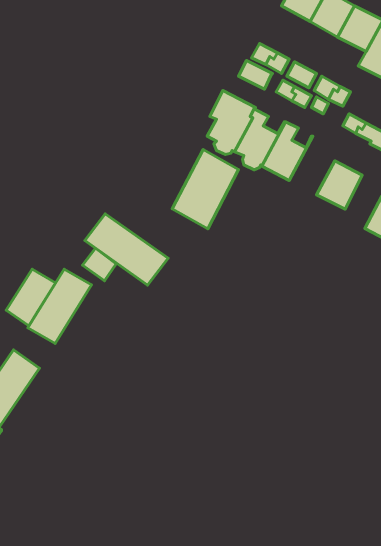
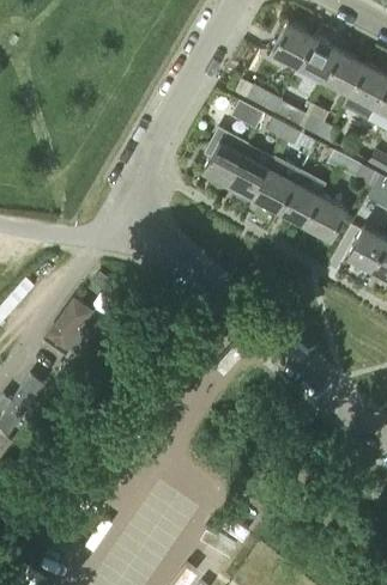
building: none -> [280,170,322,224]
building: [172,150,239,229] -> none
building: [85,214,168,285] -> none
building: [6,269,56,326] -> none

